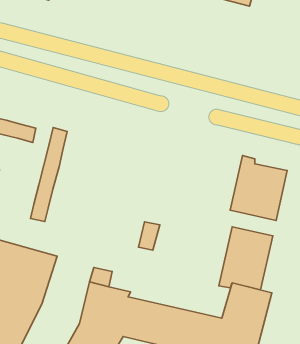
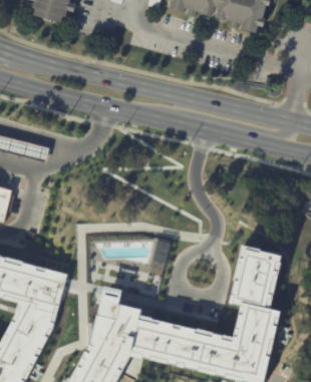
building: [30,128,67,222] -> none
building: [230,156,287,220] -> none

